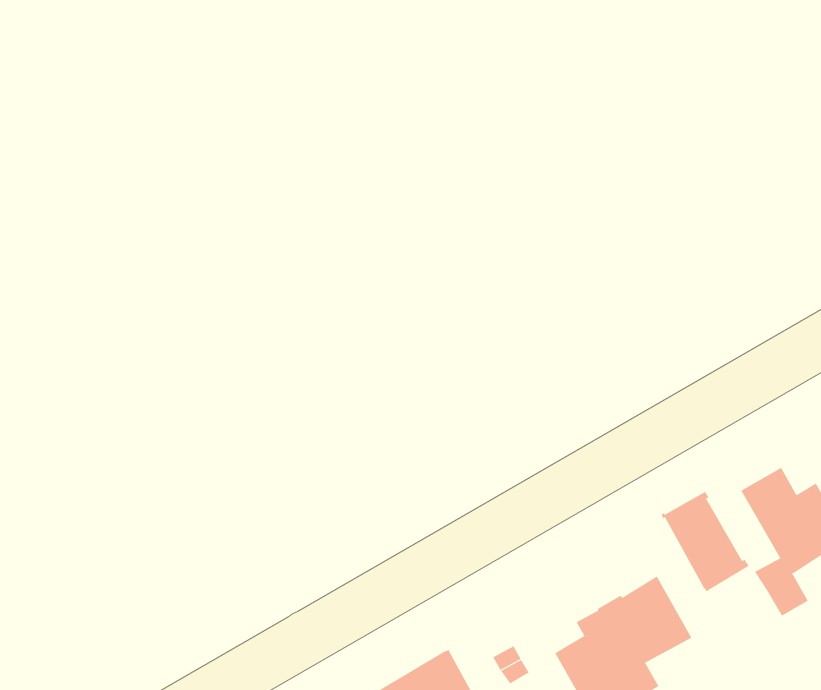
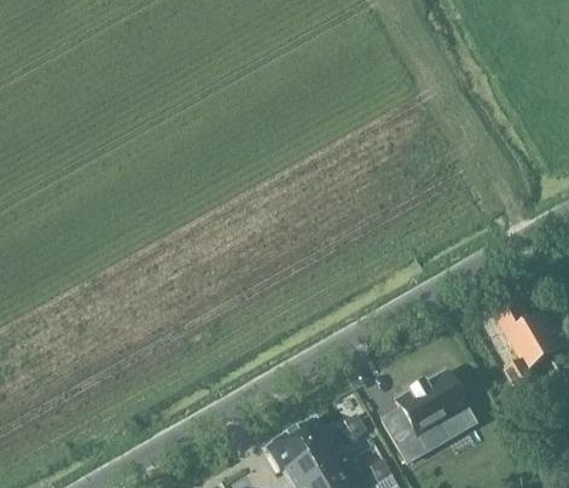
building: [661,491,749,592] -> none

